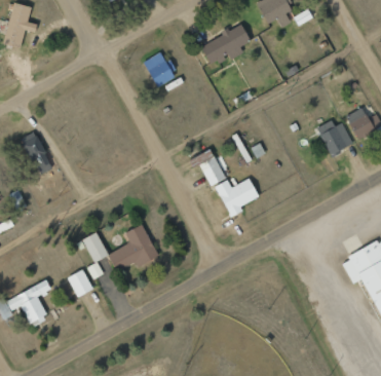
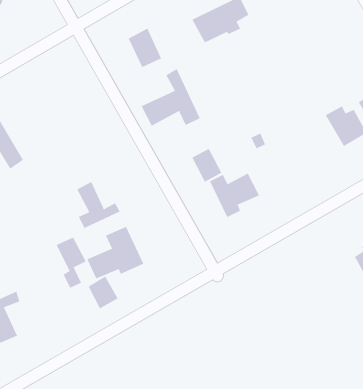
building: none -> [141,68,201,126]
building: none -> [76,181,121,229]
building: [67,269,93,298] -> [88,276,118,309]

